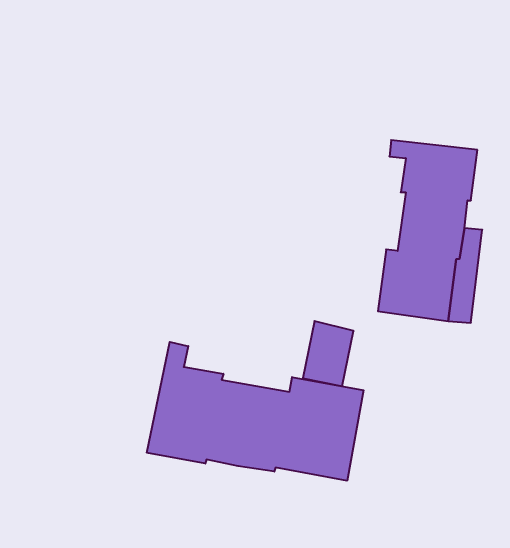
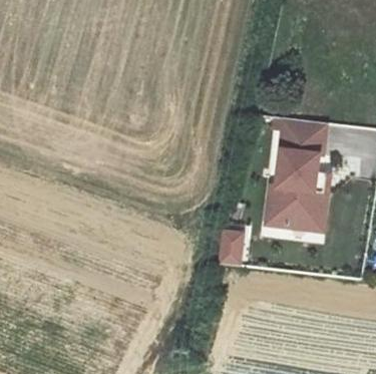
building: [147,342,364,481] -> none

